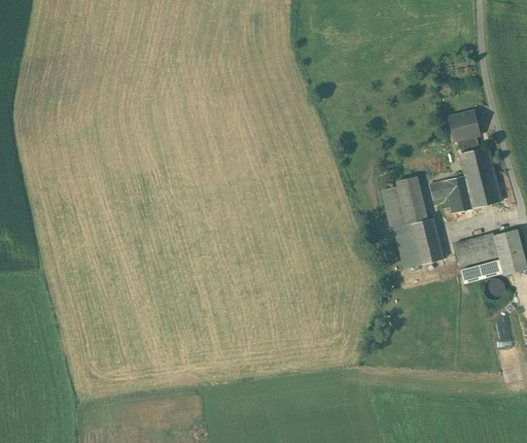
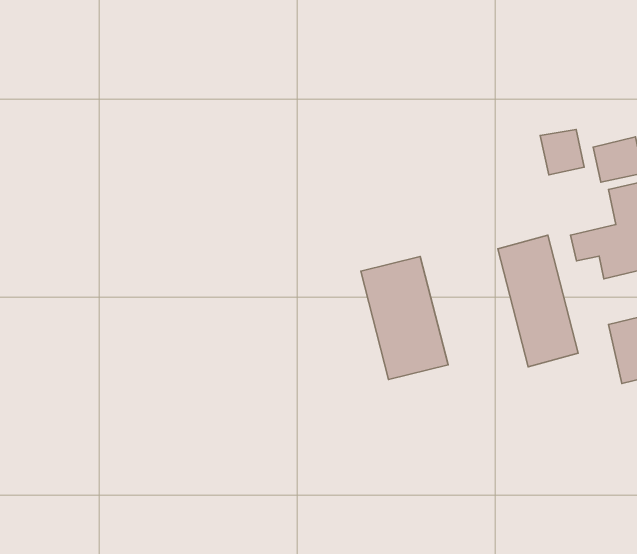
building: none -> [540,129,584,175]
building: none -> [361,257,448,379]

